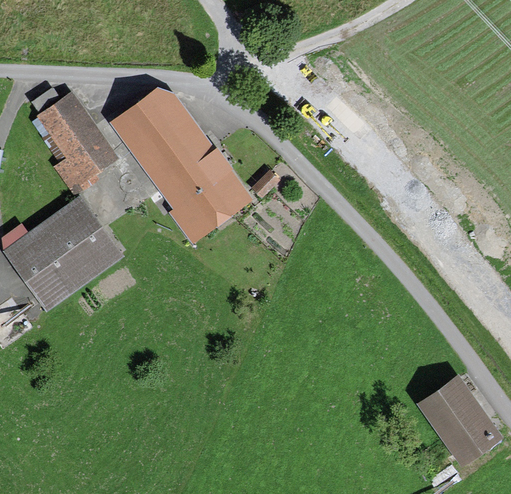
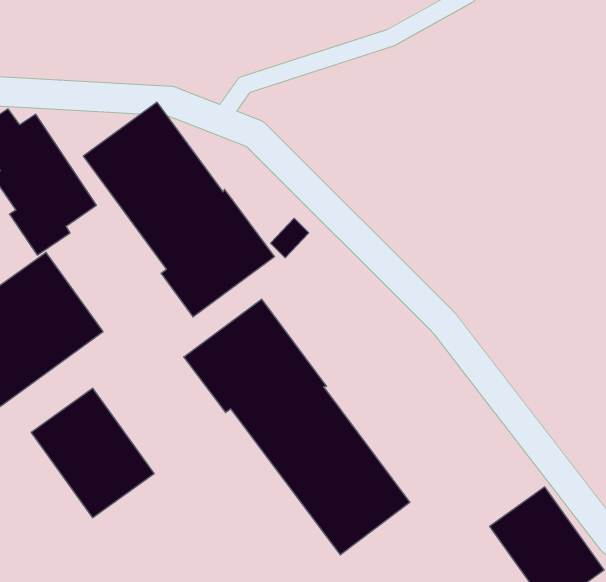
building: none -> [184,299,410,555]
building: none -> [31,388,154,518]

